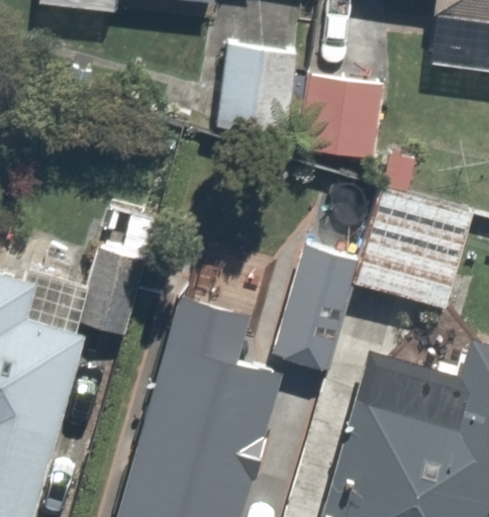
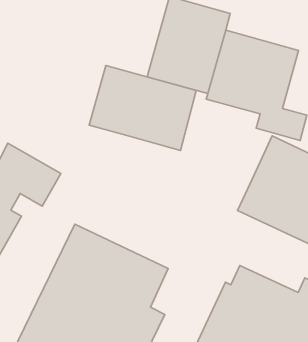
building: none -> [89,65,196,151]
building: [265,231,364,376] -> none

